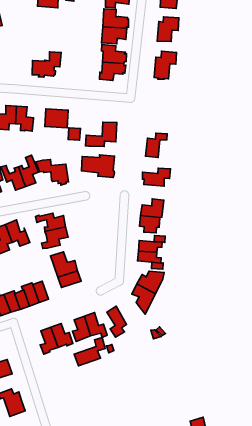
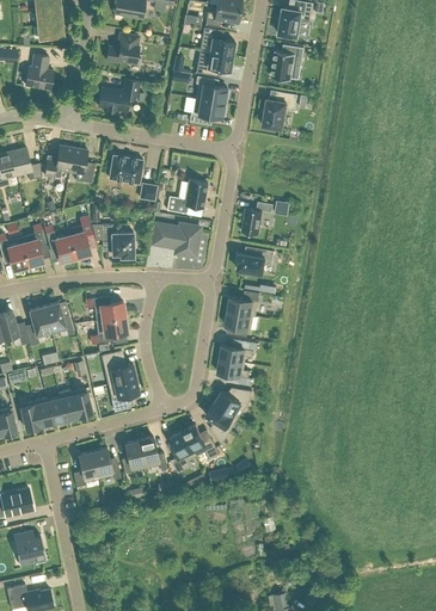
building: none -> [106,33,139,64]
building: none -> [183,425,220,459]
building: [74,337,105,366] -> none

